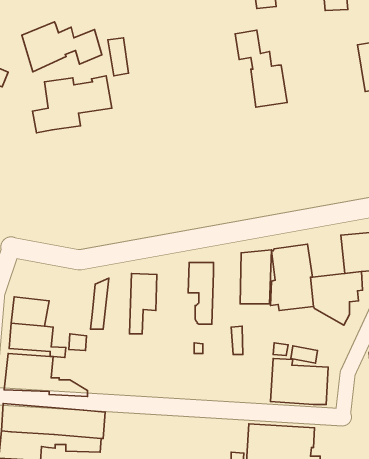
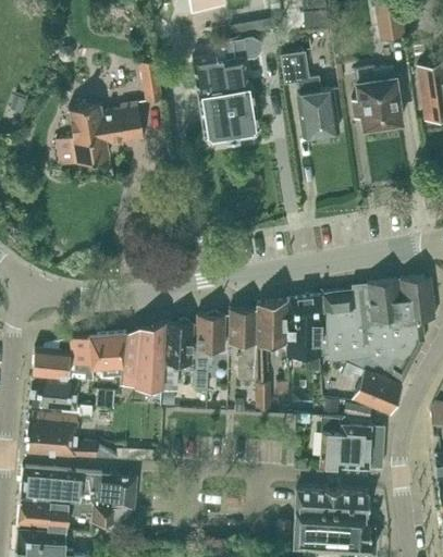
building: none -> [192,38,261,143]
building: [22,22,102,72] -> none
building: none -> [352,67,402,129]
building: none -> [361,281,403,327]
building: none -> [255,301,286,410]
building: none -> [195,317,225,410]
building: none -> [134,323,165,389]
building: none -> [70,334,126,381]
building: none -> [342,364,402,414]

